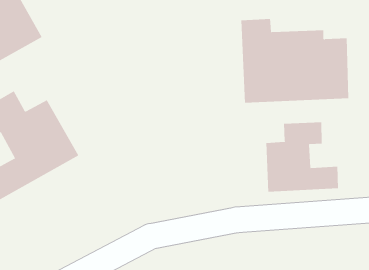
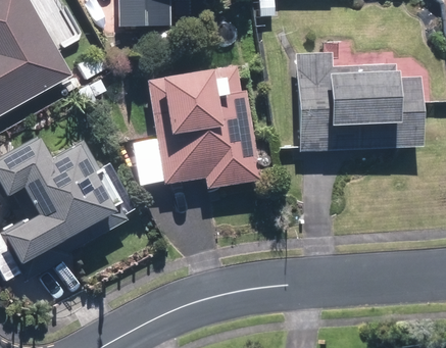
building: none -> [147,65,256,187]
building: [266,121,339,193] -> none

